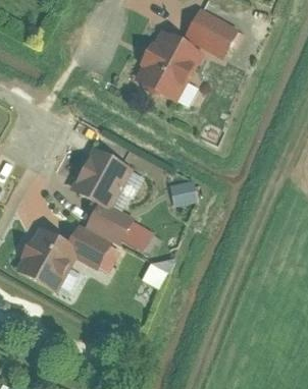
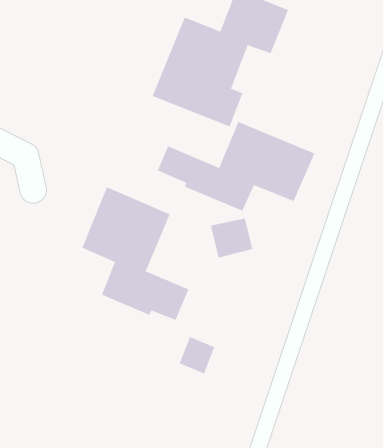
building: none -> [157,121,315,212]
building: [14,223,121,294] -> none

